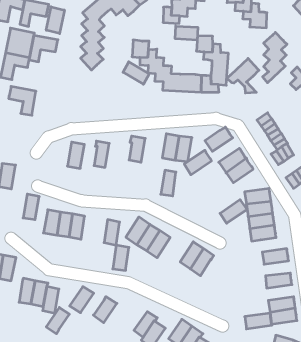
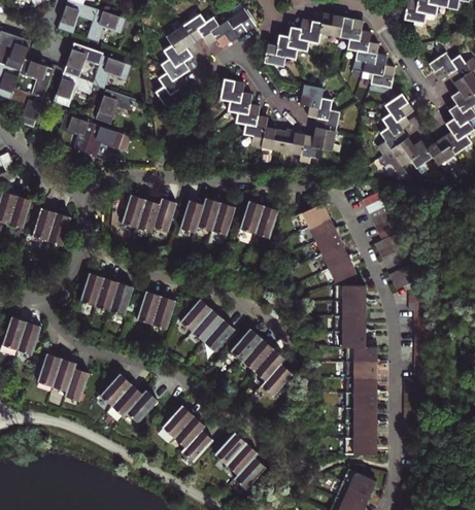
building: [46,7,64,34] -> none
building: [175,26,198,40] -> none
building: [227,58,259,93] -> [377,137,418,180]
building: none -> [96,89,135,124]
building: [123,62,149,84] -> none
building: none -> [82,125,127,165]
building: none -> [179,200,204,233]
building: none -> [136,199,161,232]
building: [184,150,211,175] -> [302,216,336,244]
building: [161,170,176,196] -> [212,202,235,235]
building: [23,194,39,220] -> [47,212,71,245]
building: [220,200,247,223] -> [323,259,357,285]
building: none -> [231,328,263,361]
building: none -> [346,346,377,363]
building: [113,245,129,270] -> [137,291,161,324]
building: none -> [262,363,293,396]
building: none -> [346,378,377,394]
building: none -> [162,405,194,437]
building: [46,307,69,334] -> [111,384,142,416]
building: [245,313,272,329] -> [345,408,377,423]

